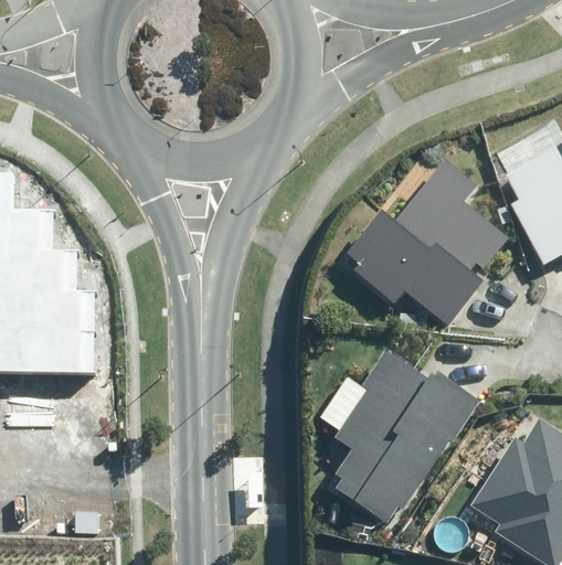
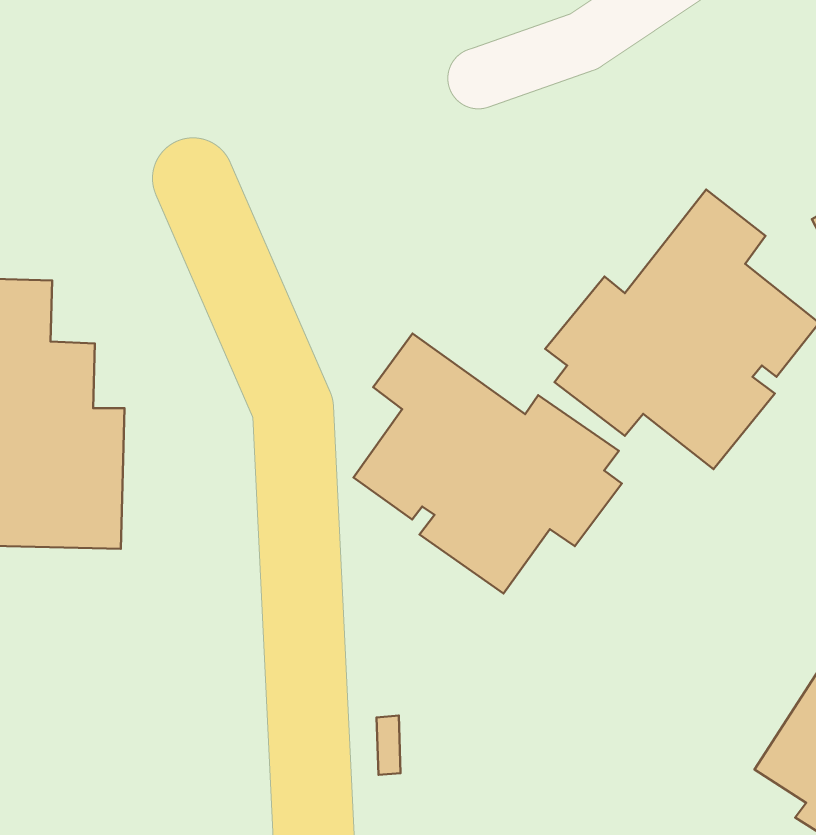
building: none -> [353,333,622,593]
building: [320,350,481,526] -> none

